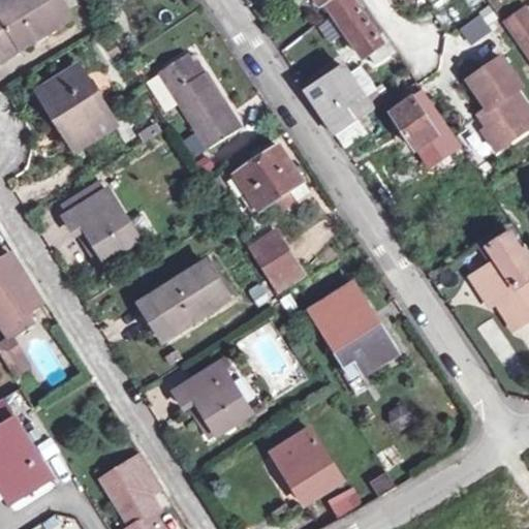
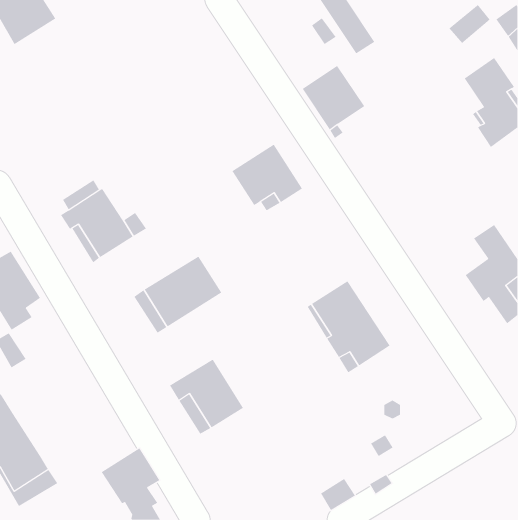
building: [159,56,240,148] -> none
building: [43,66,108,145] -> none
building: [392,89,459,161] -> none
building: [248,231,298,288] -> none
building: [268,429,337,501] -> none

